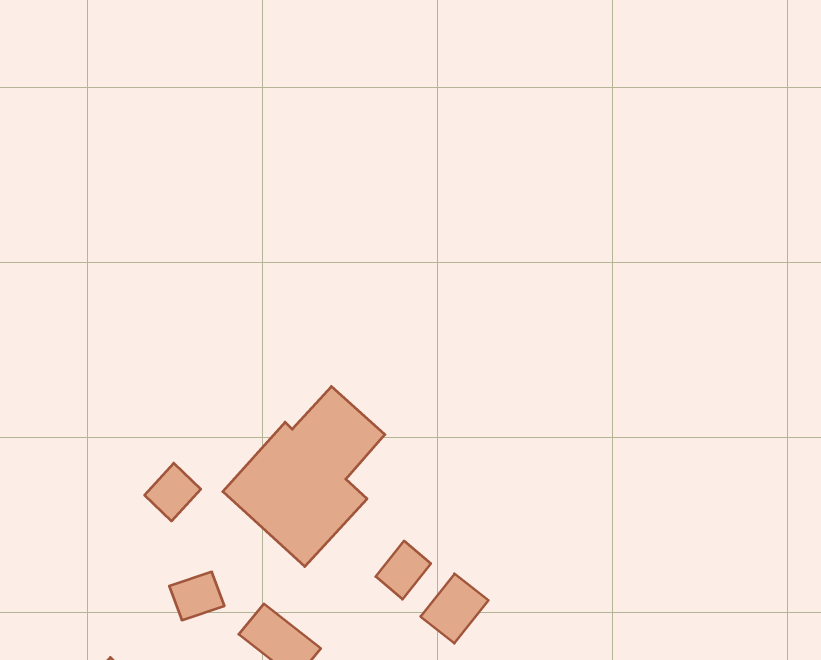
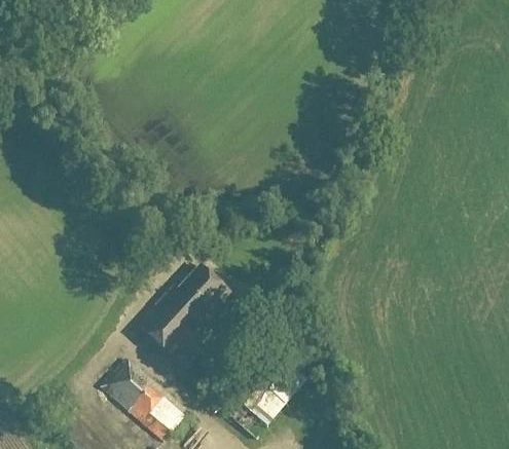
building: [145,463,201,521] -> none
building: [376,541,431,599] -> none

